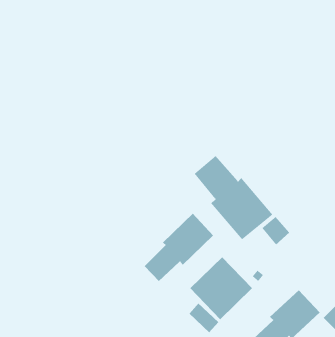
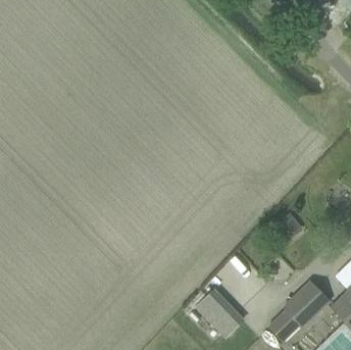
building: [194,155,273,240] -> none
building: [144,213,214,282] -> none

